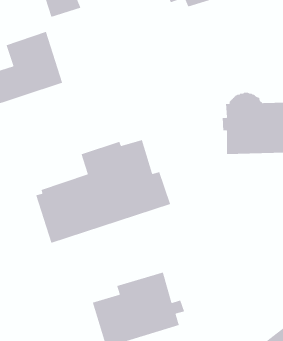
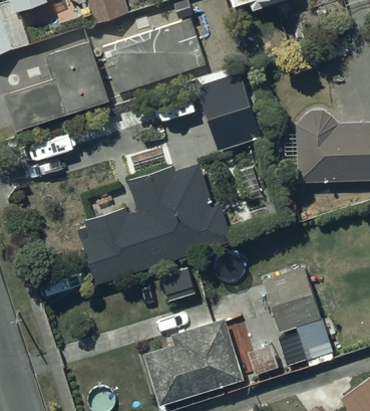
building: none -> [101,19,206,95]
building: none -> [194,73,263,155]
building: none -> [262,265,334,362]

